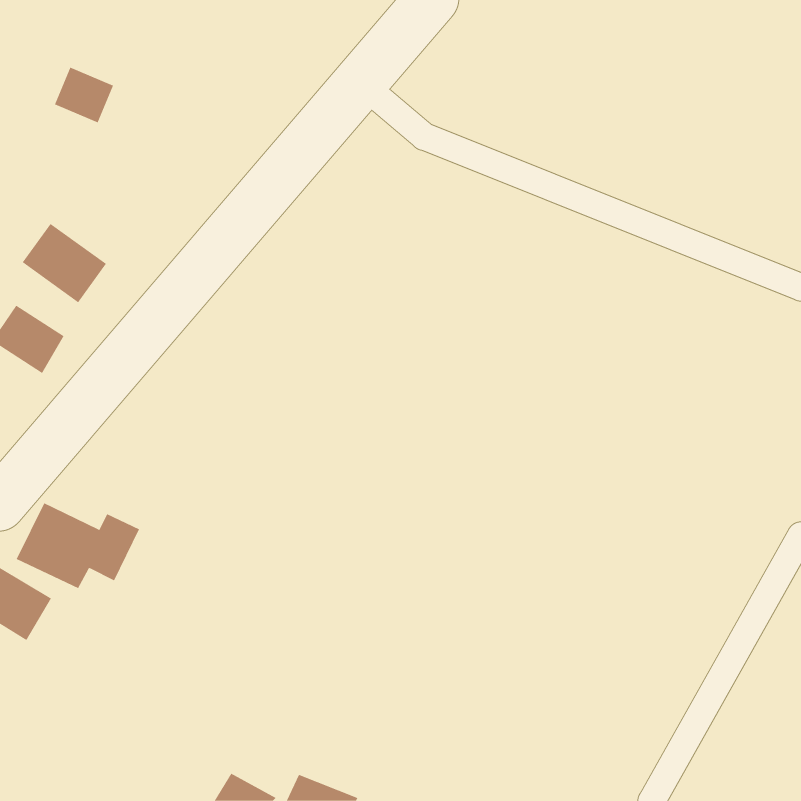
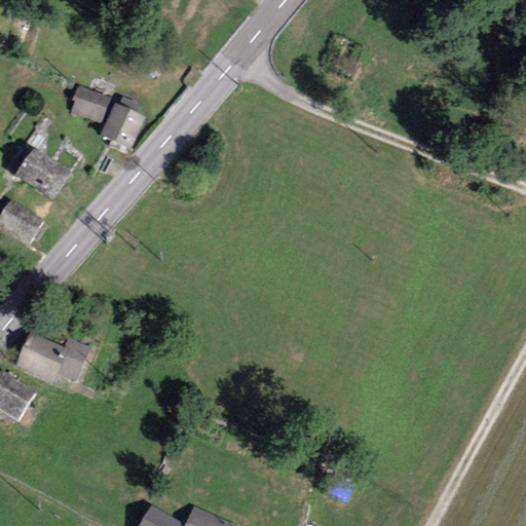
building: [54,67,114,123] -> [70,86,109,123]
building: none -> [100,103,145,149]

